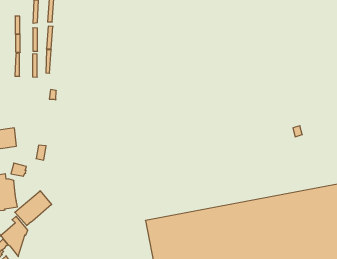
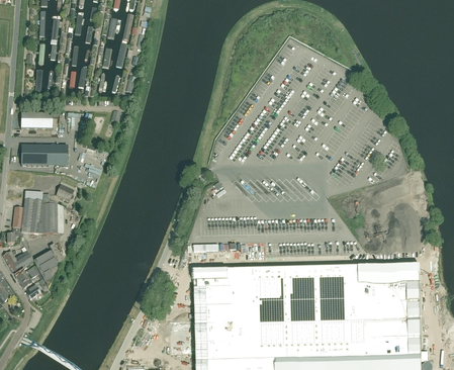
building: [15,191,52,226] -> none

